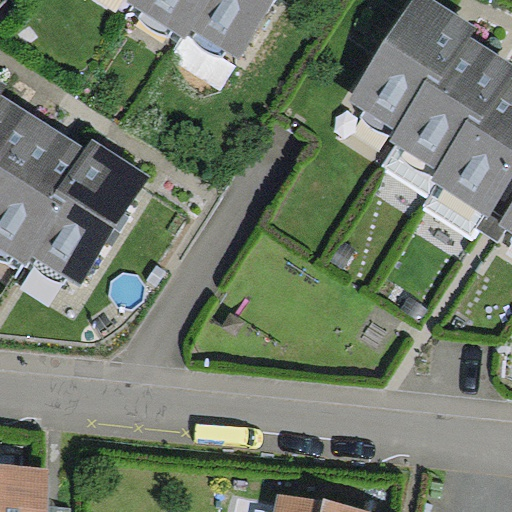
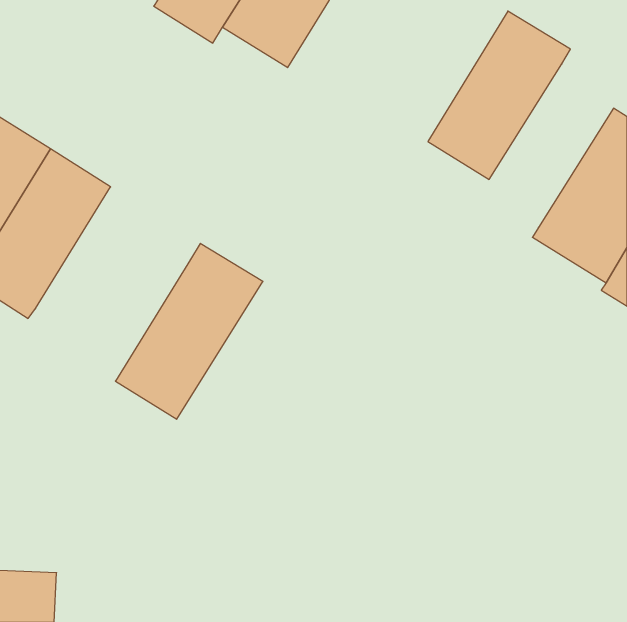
building: [391,52,504,185] -> none
building: [29,139,149,282] -> [115,243,263,419]

